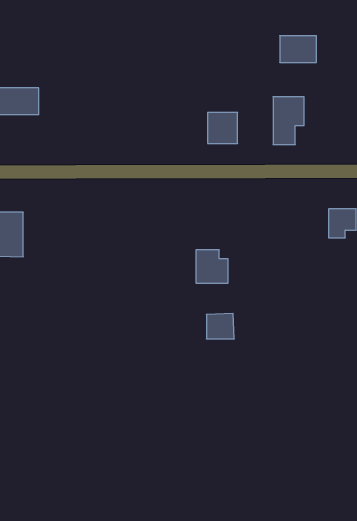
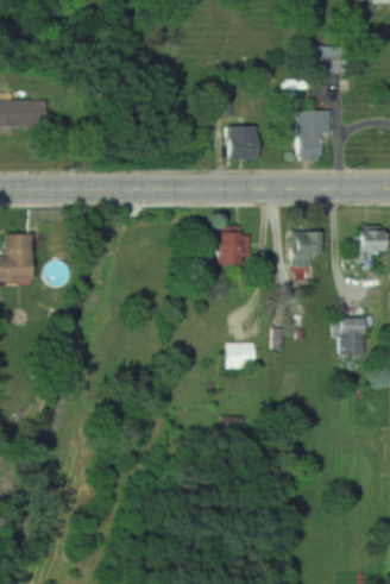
building: none -> [292,231,312,266]
building: [196,250,228,283] -> [216,226,251,262]
building: none -> [336,316,365,354]

